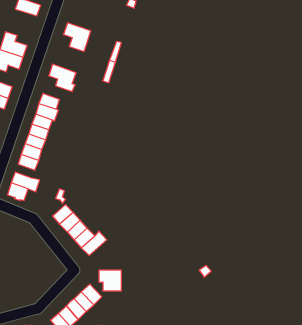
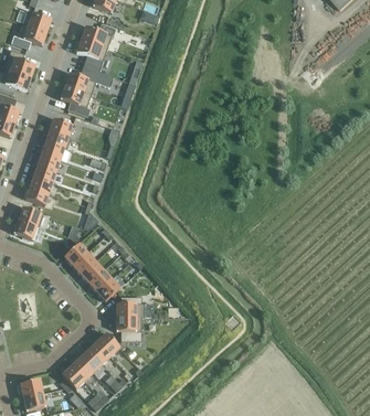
building: none -> [11,24,46,50]
building: none -> [81,24,115,49]
building: none -> [64,66,113,96]
building: none -> [116,296,144,318]

